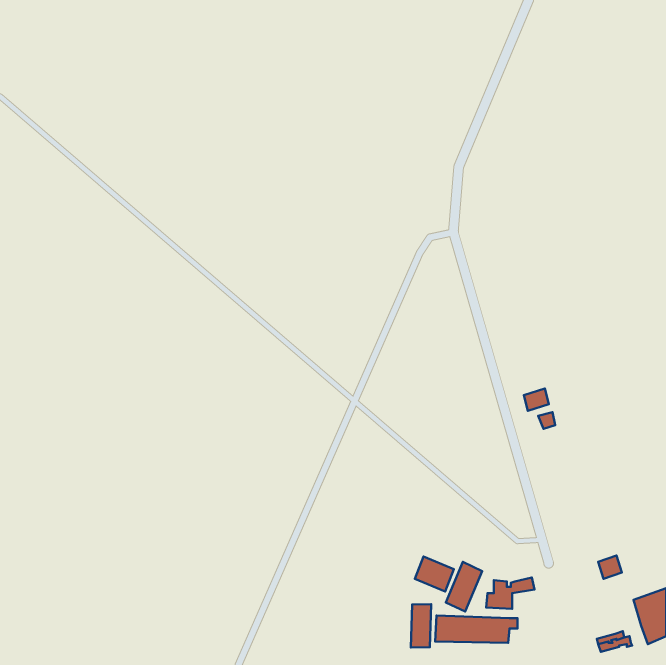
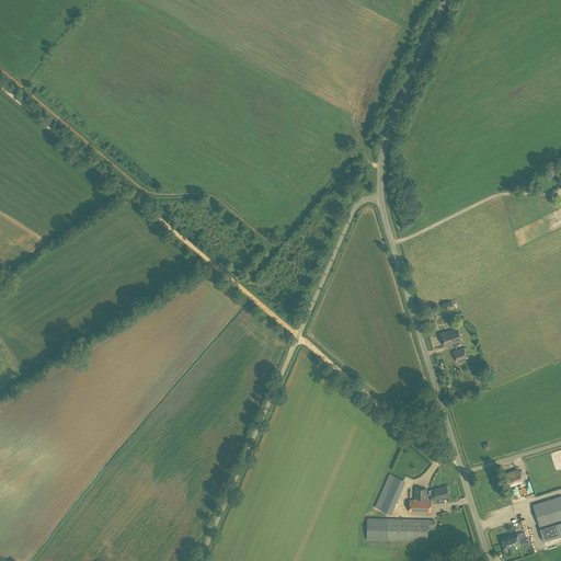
building: [415,557,454,592] -> none
building: [411,604,431,648] -> none

